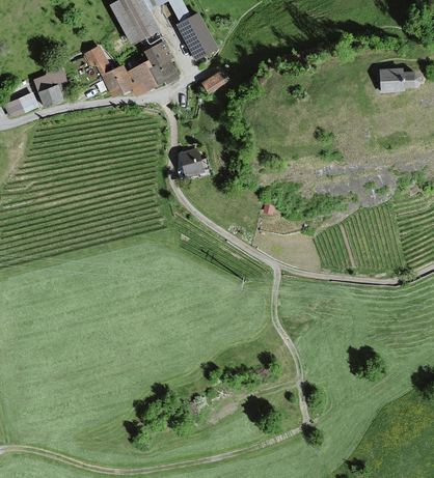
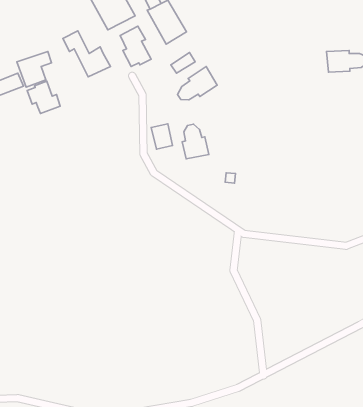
building: [127,59,158,94] -> none
building: none -> [177,67,217,100]
building: none -> [27,81,60,113]
building: none -> [182,124,209,159]

